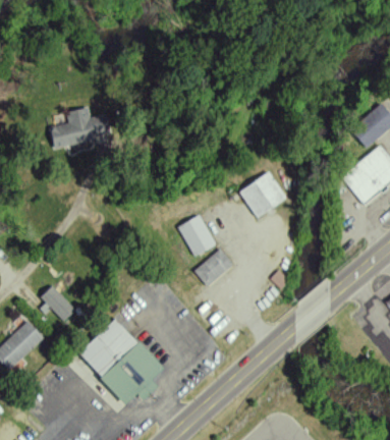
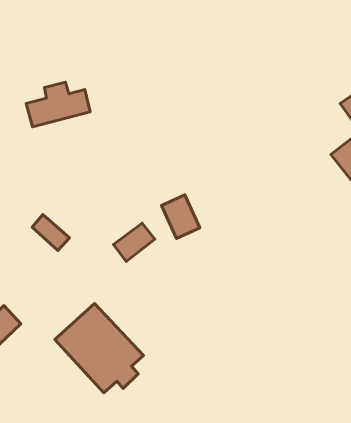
building: [238,170,287,217] -> none
building: [193,249,233,285] -> [113,223,155,261]
building: [41,284,76,319] -> [32,214,70,251]

